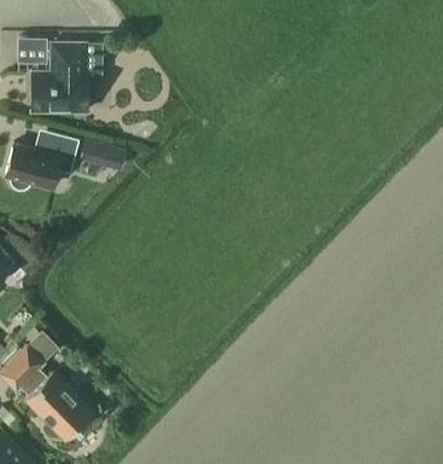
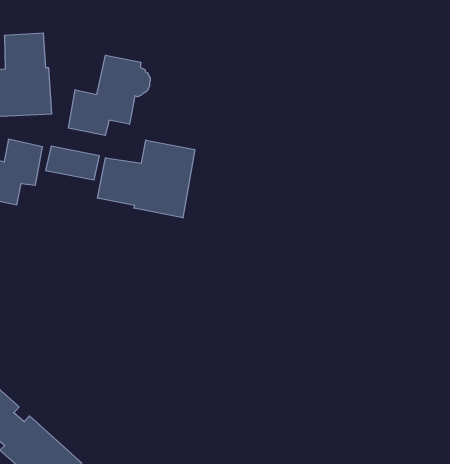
building: none -> [69,55,150,136]
building: none -> [98,140,195,218]

